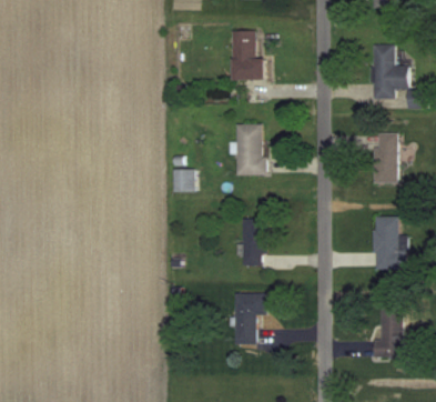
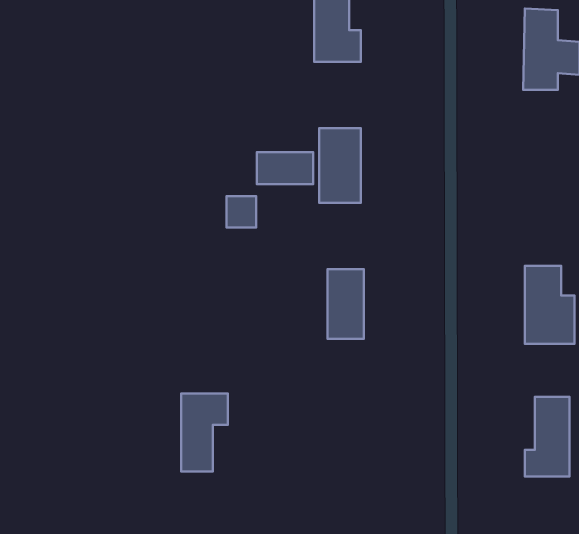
building: [375,133,398,182] -> none
building: none -> [257,152,313,184]
building: [234,293,265,345] -> [181,393,228,471]

